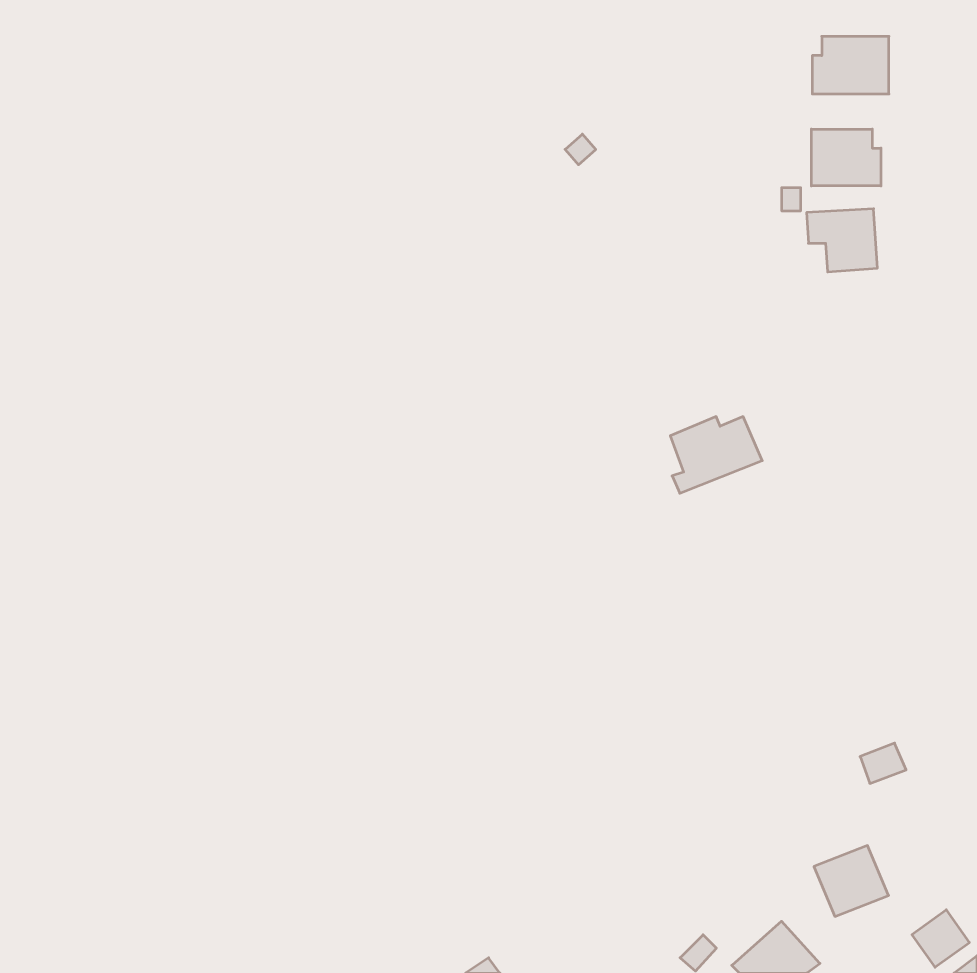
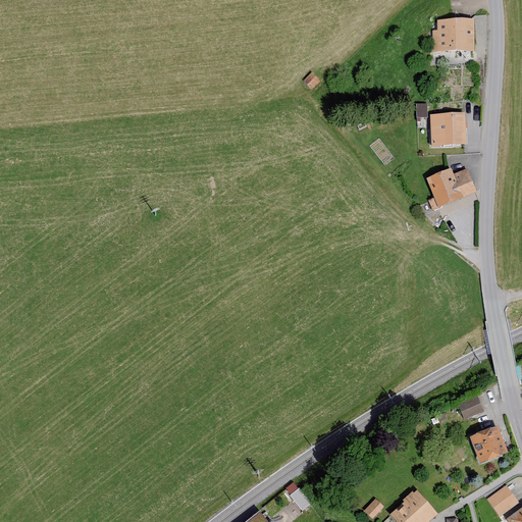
building: [811,129,881,186] -> none
building: [670,417,762,493] -> [427,167,476,208]
building: [814,846,889,916] -> [470,426,510,464]

